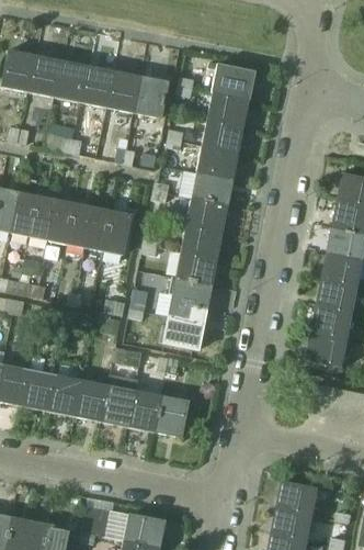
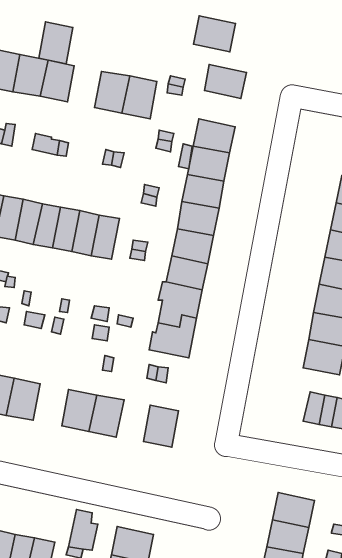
building: [80,66,113,106] -> [39,22,73,64]
building: [207,90,248,125] -> [193,16,235,52]
building: [47,374,81,415] -> none
building: [127,390,160,430] -> none

